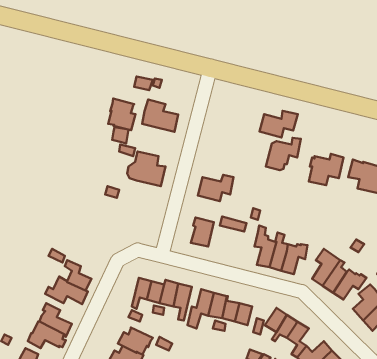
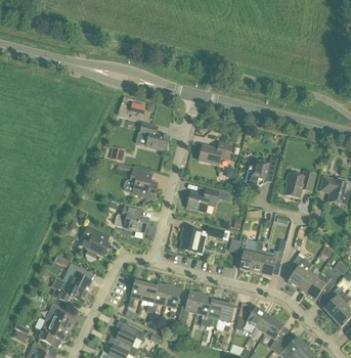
building: [108,98,135,130] -> none
building: [260,111,298,137] -> [199,141,232,165]
building: none -> [115,205,148,232]
building: none -> [83,225,109,260]

